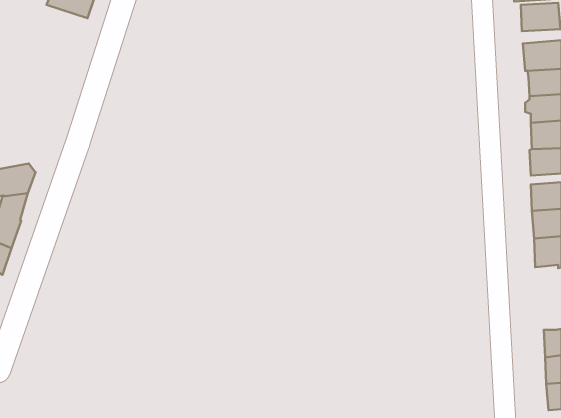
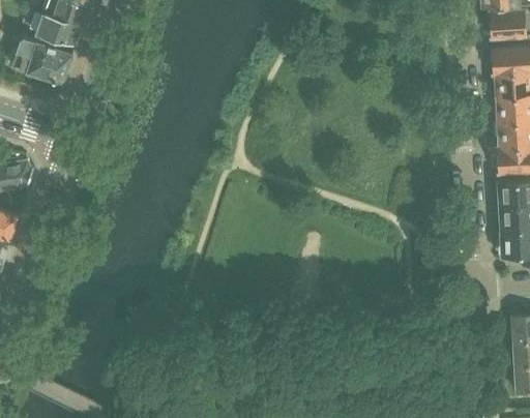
building: none -> [38,9,83,42]
building: none -> [12,33,73,80]

